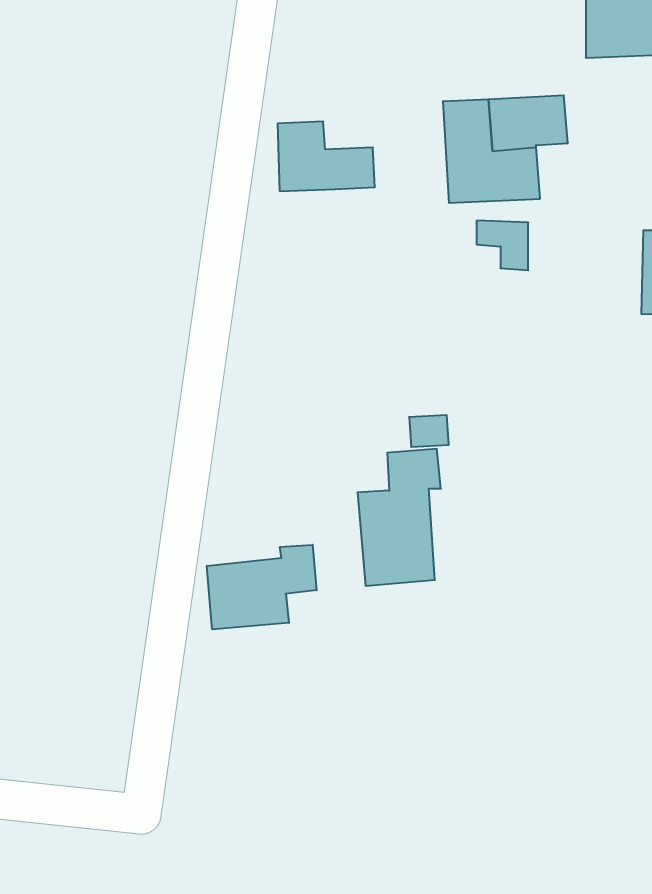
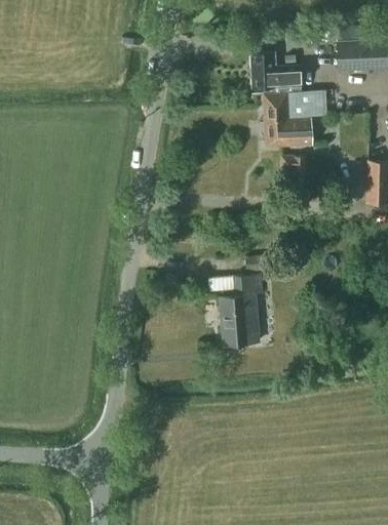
building: [278,122,375,191] -> [250,53,301,89]
building: [207,545,317,629] -> none

